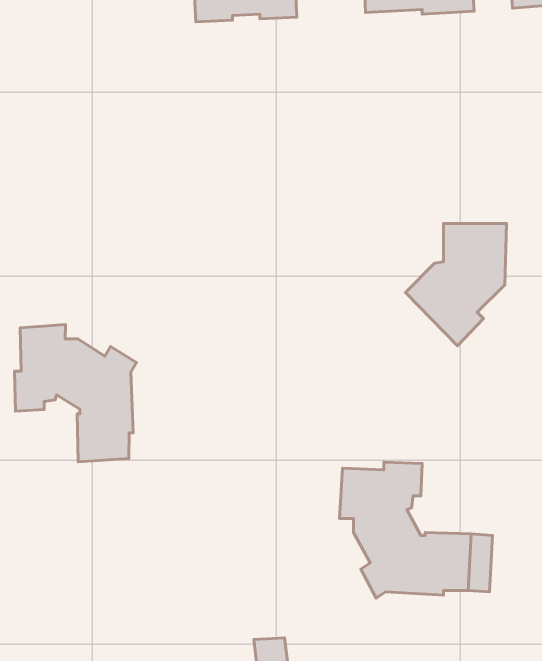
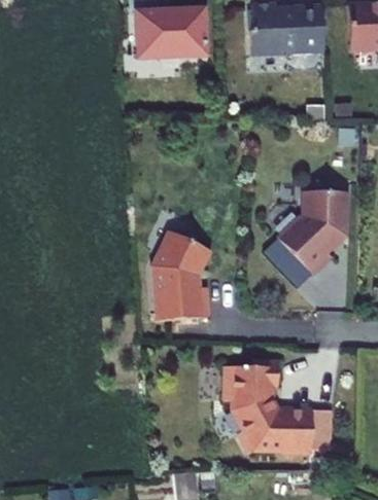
building: none -> [153,236,212,324]
building: [14,324,136,462] -> none

